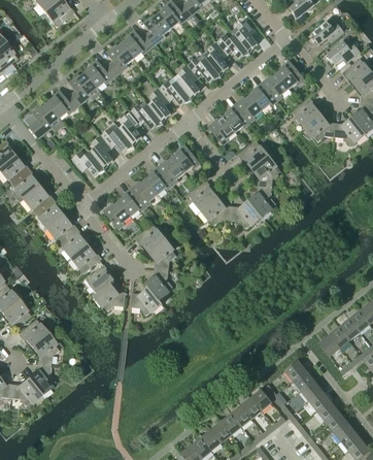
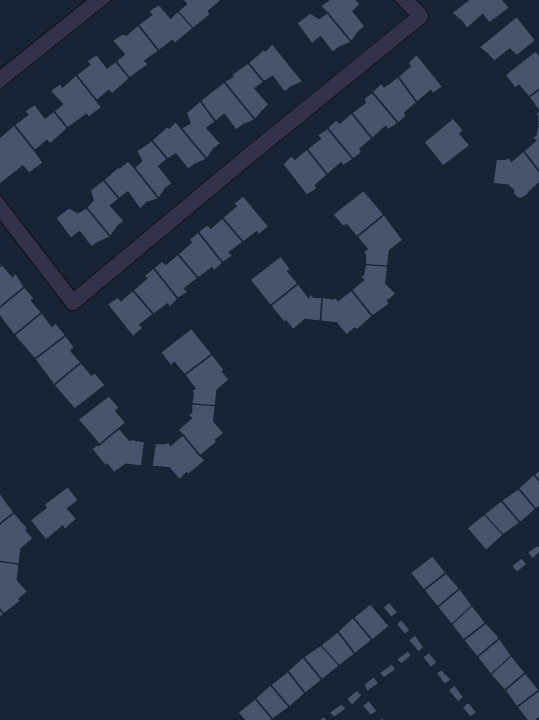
building: [202,41,229,76] -> none
building: [304,114,336,141] -> none
building: none -> [30,487,79,540]

